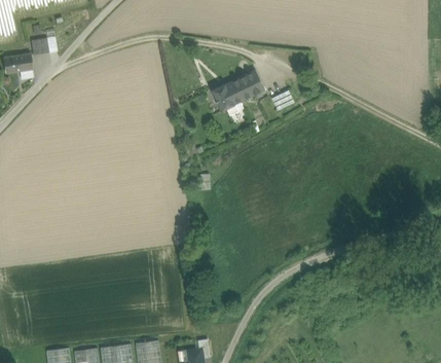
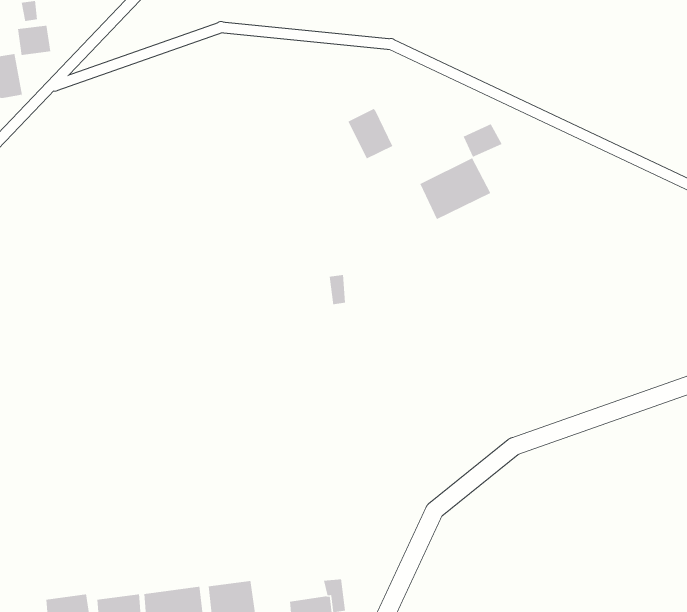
building: [227,71,266,105] -> [419,157,491,220]

